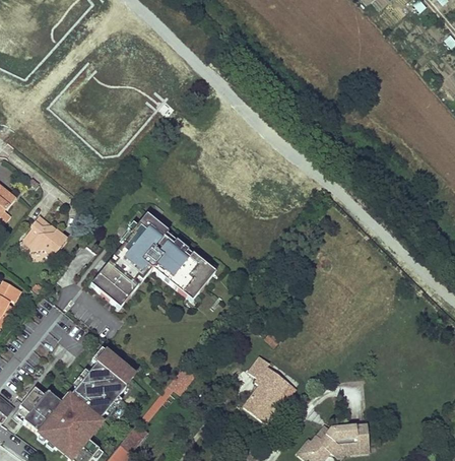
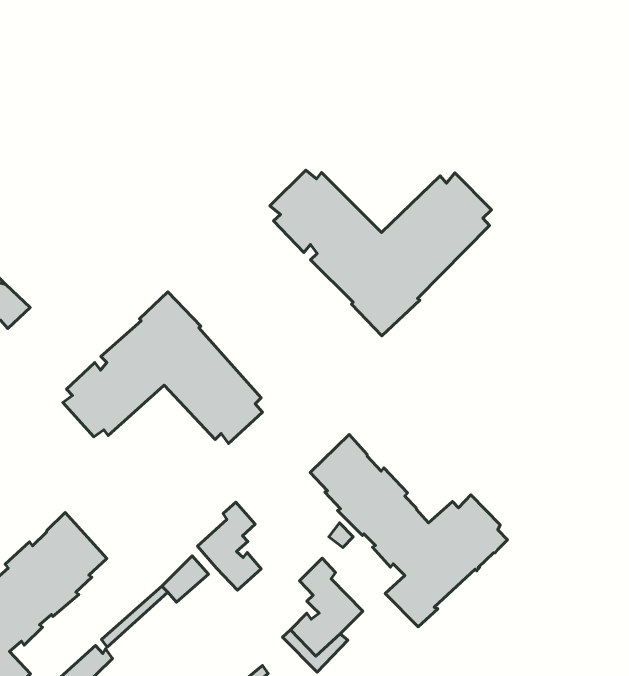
building: none -> [270,170,491,336]
building: none -> [310,435,507,627]
building: none -> [197,502,261,590]

